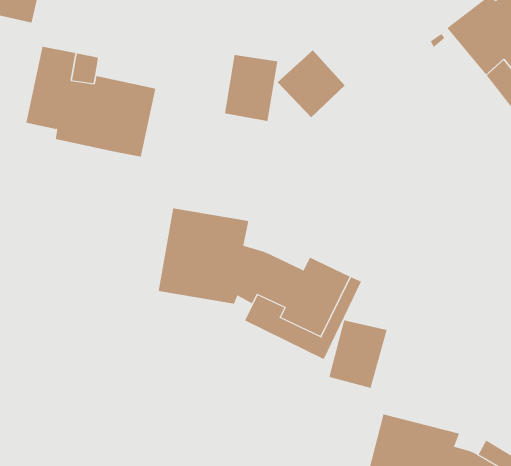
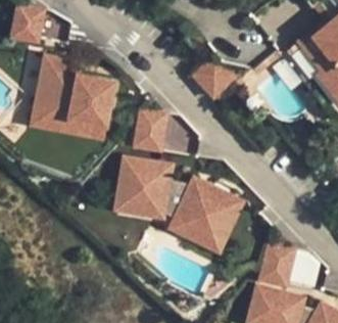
building: [224,55,278,122] -> [135,108,168,150]
building: none -> [29,103,89,136]
building: [329,320,387,389] -> [259,242,296,285]

